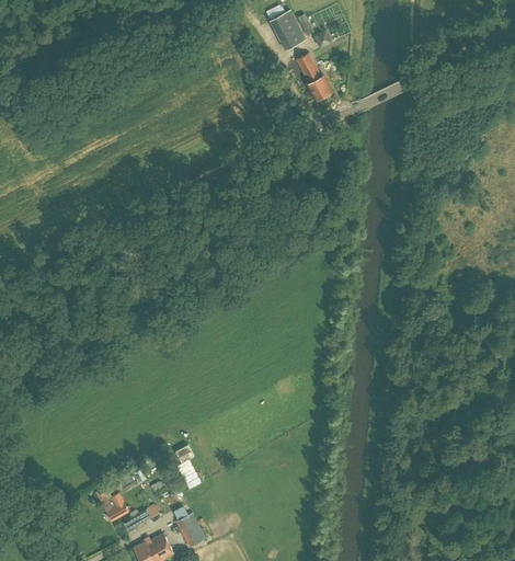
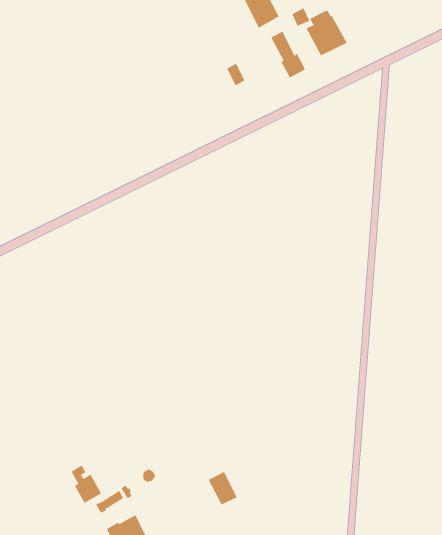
building: none -> [306,9,348,56]
building: [176,513,206,547] -> [208,471,238,505]

